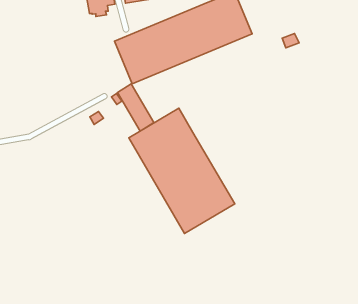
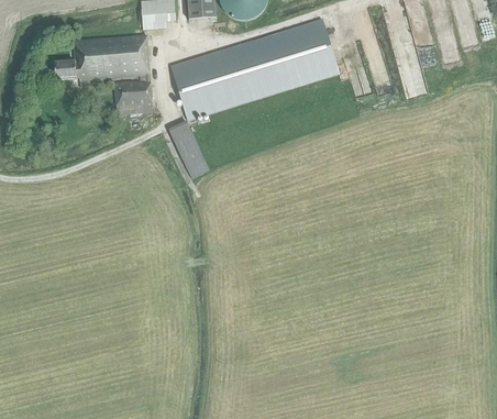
building: none -> [54,33,152,104]
building: [129,108,235,233] -> none

